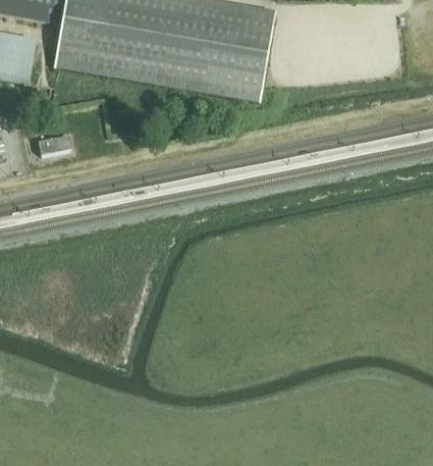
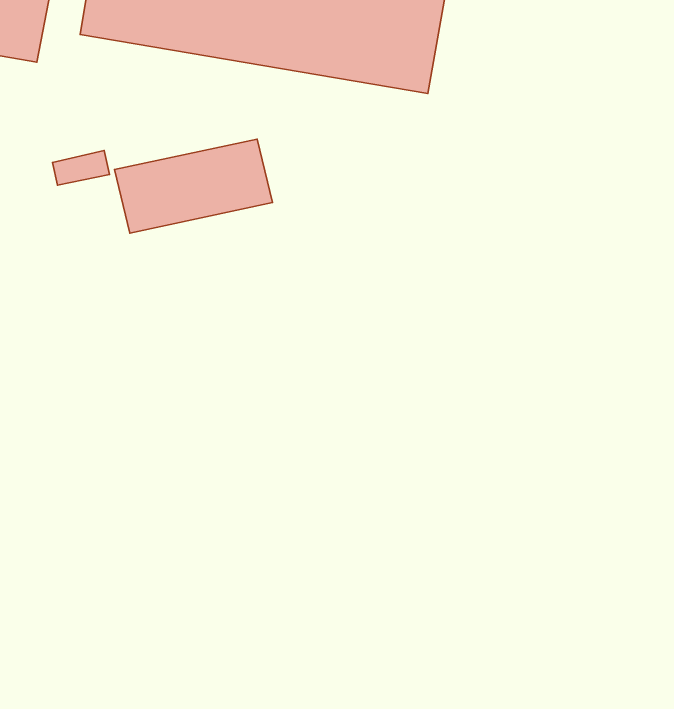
building: none -> [115,139,272,233]

